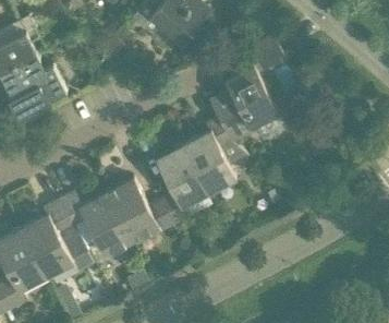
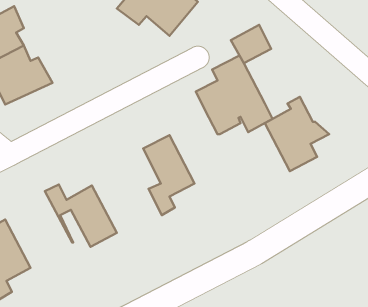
building: [181,117,245,191] -> [265,97,329,171]
building: [104,179,170,240] -> none
building: [17,199,90,275] -> none

